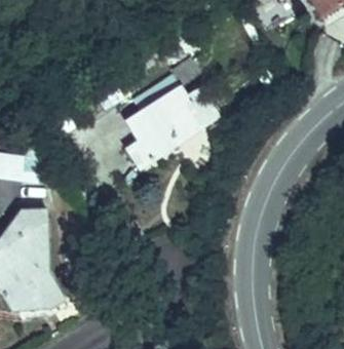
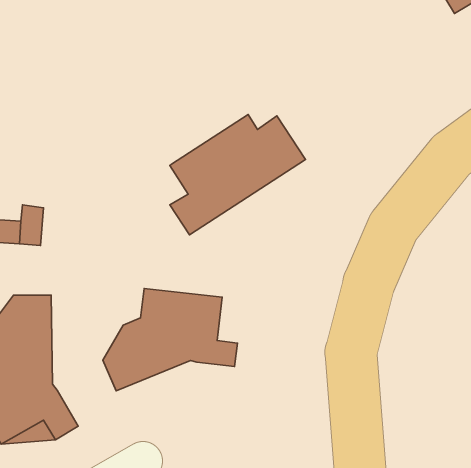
building: none -> [103,288,238,391]

